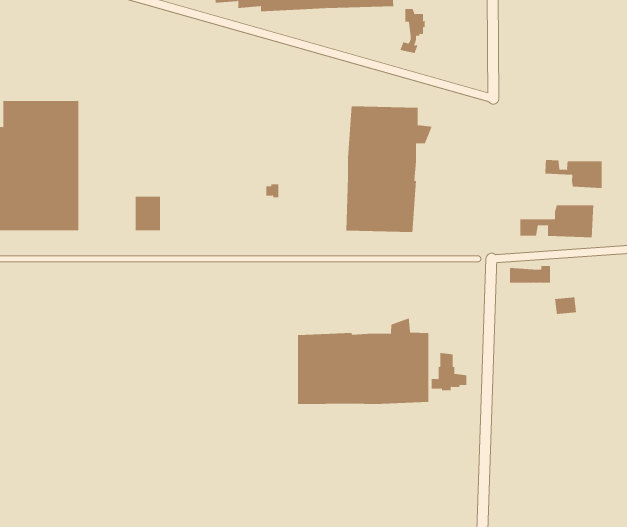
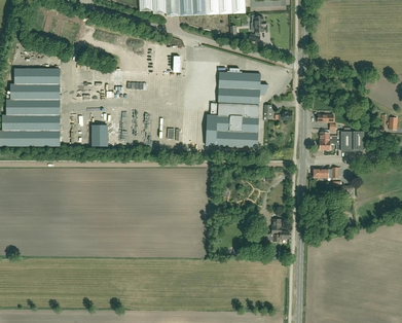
building: [545,159,602,189] -> none
building: [298,318,429,405] -> none

